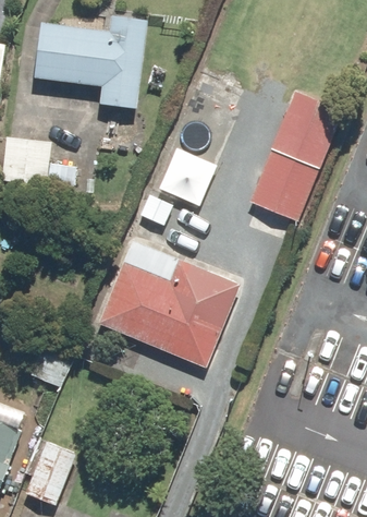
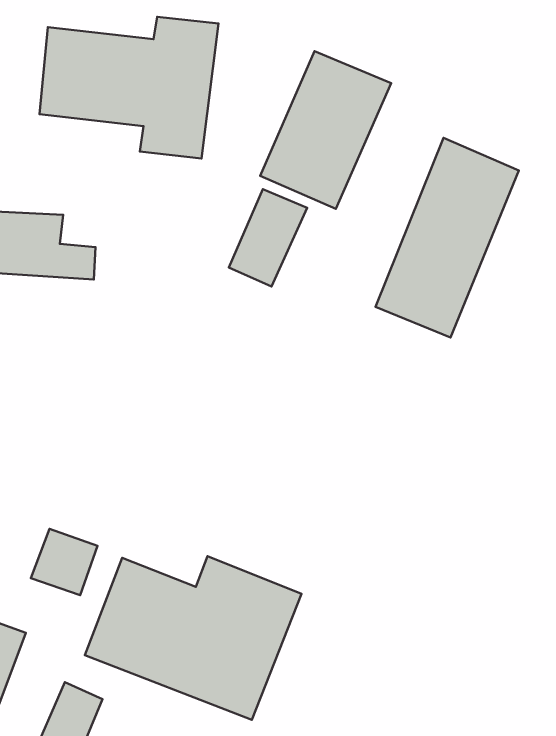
building: none -> [260,51,391,209]
building: [100,262,238,366] -> [85,556,301,720]

